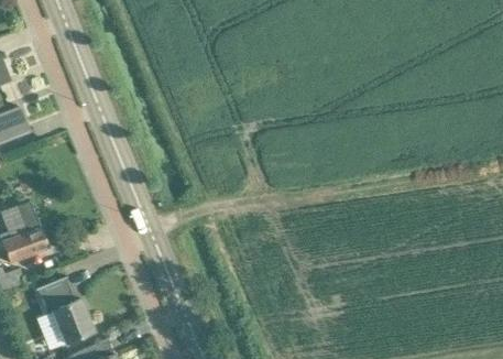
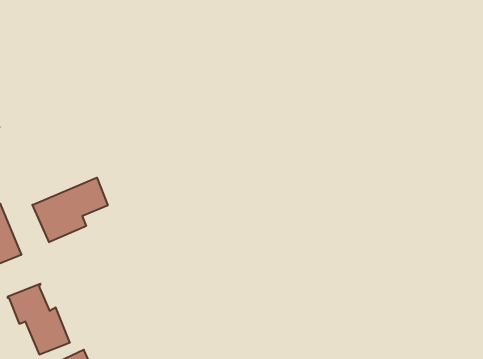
building: none -> [32,178,108,242]

